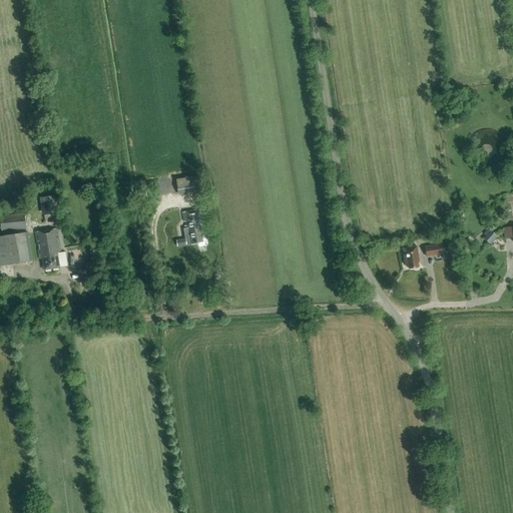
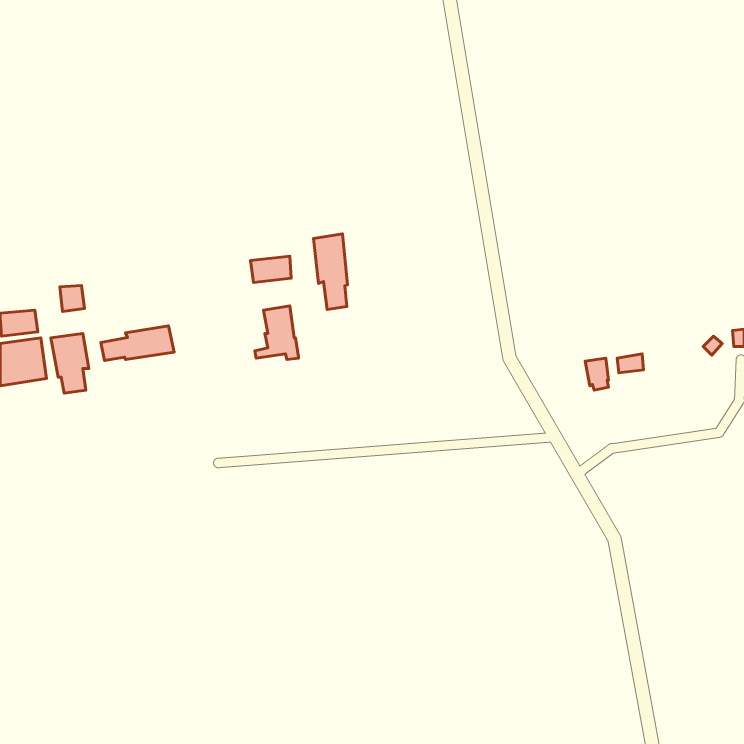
building: none -> [313,234,347,310]
building: none -> [101,326,174,360]

